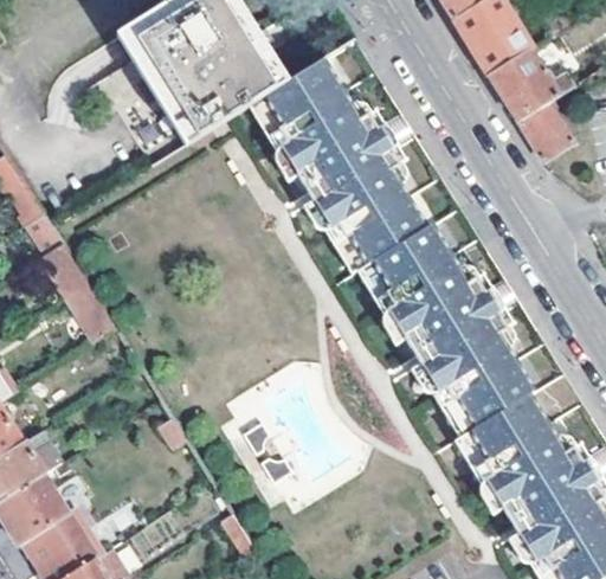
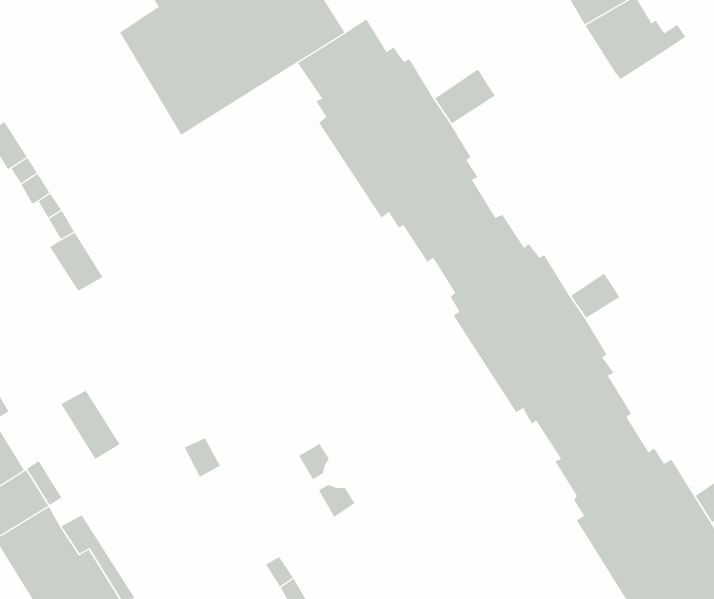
building: [516,96,572,159] -> none
building: [67,281,117,339] -> [60,390,121,460]

